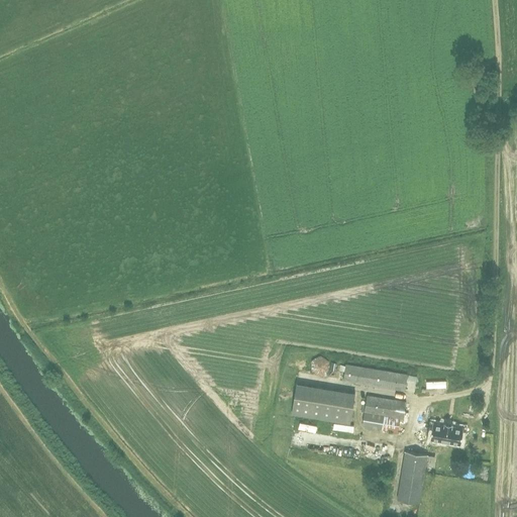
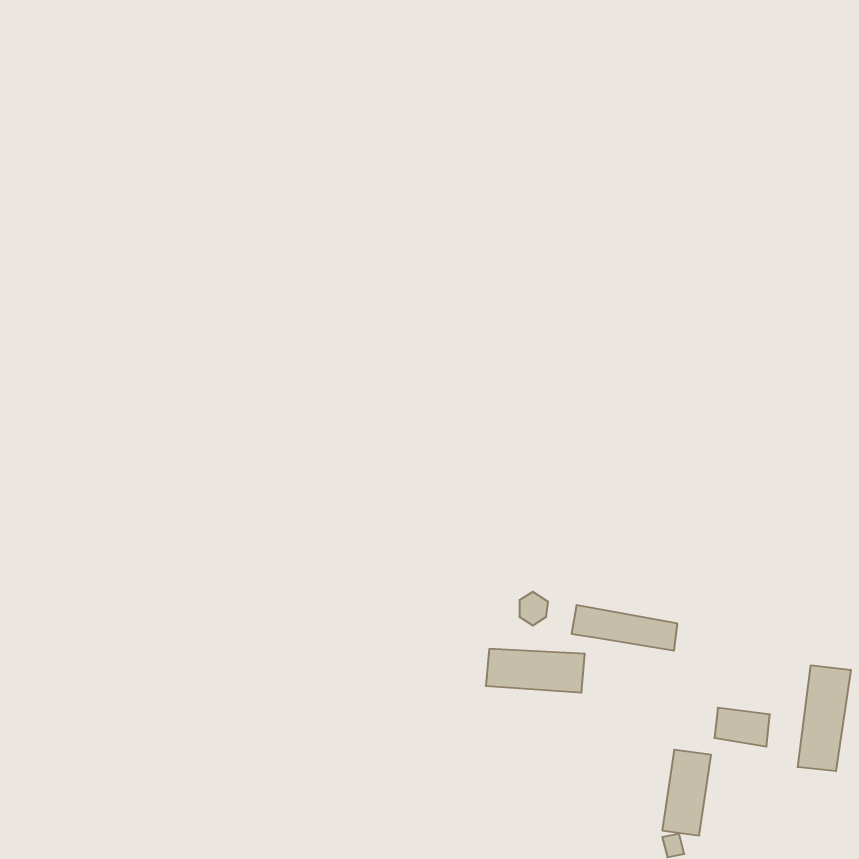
building: [363,395,406,431] -> none
building: none -> [798,665,851,771]

